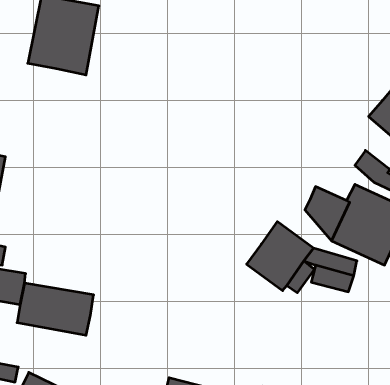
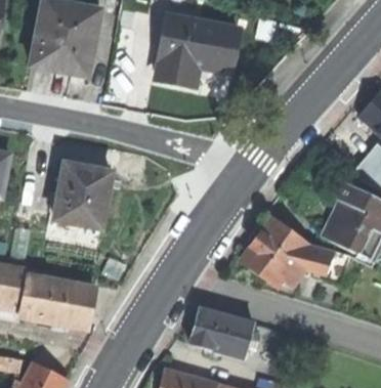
building: none -> [158,19,237,86]
building: none -> [55,166,112,228]
building: none -> [190,309,251,356]

